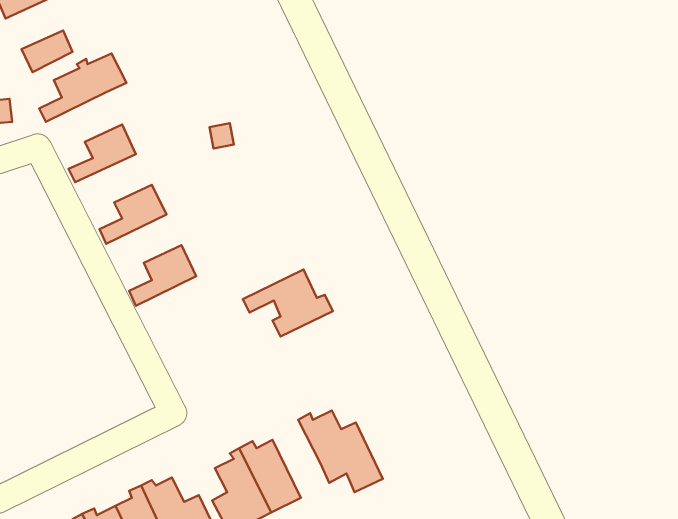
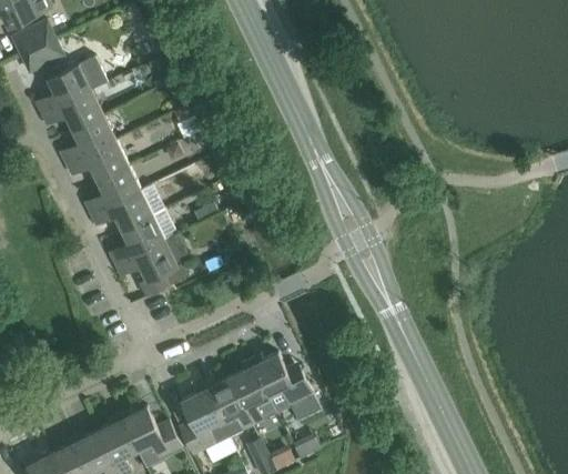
building: none -> [13,20,55,53]
building: none -> [41,89,104,130]
building: none -> [65,140,129,180]
building: none -> [91,190,153,230]
building: [243,269,333,337] -> [115,241,190,296]
building: none -> [229,360,268,424]

